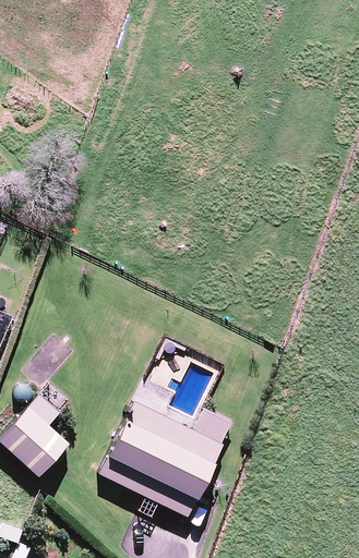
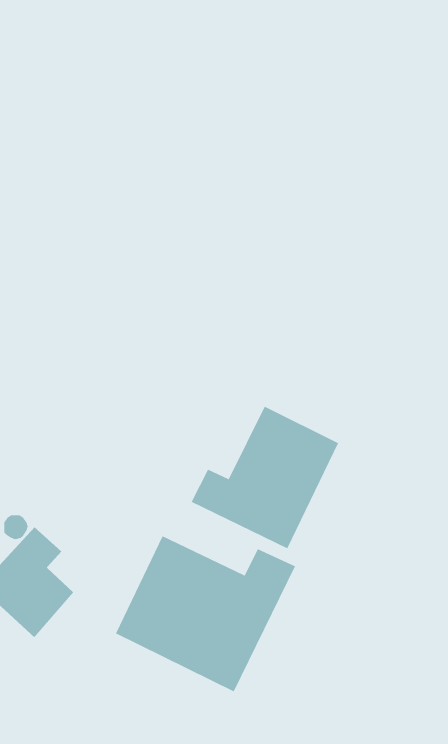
building: none -> [191,406,339,549]

